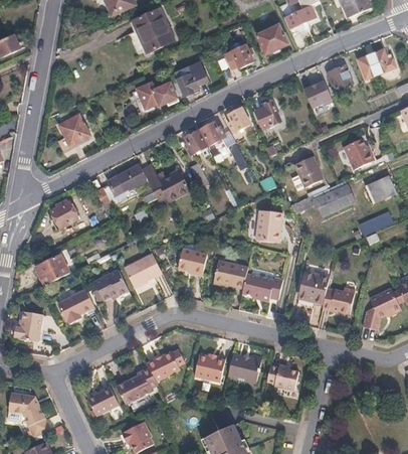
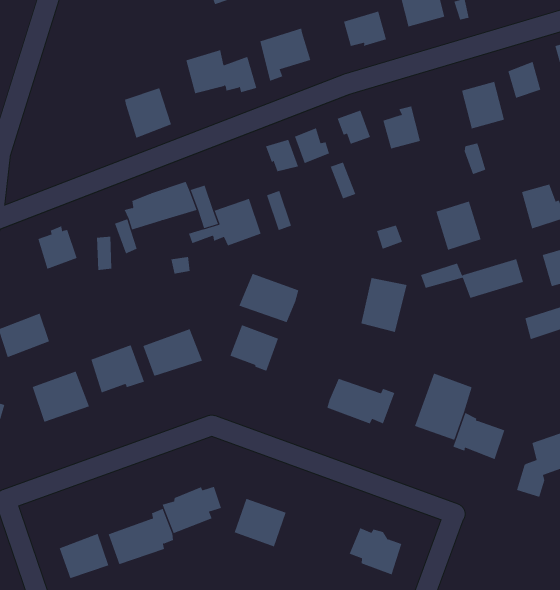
building: [57,114,88,147] -> [124,87,172,138]
building: [211,260,247,288] -> [238,273,299,323]
building: [226,352,261,383] -> none

